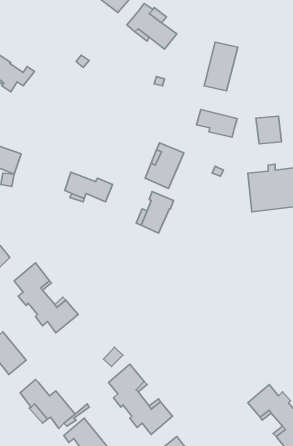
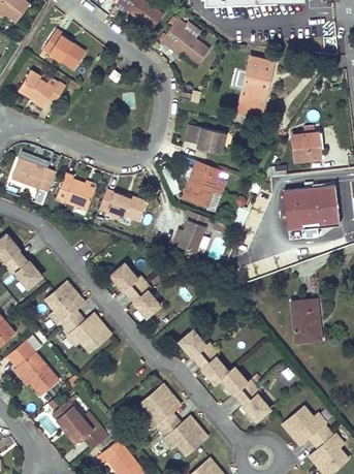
building: none -> [42,29,84,68]
building: [197,110,237,137] -> [184,124,225,152]
building: none -> [55,171,94,209]
building: none -> [109,262,159,317]
building: none -> [290,298,320,342]
building: none -> [181,326,270,419]

